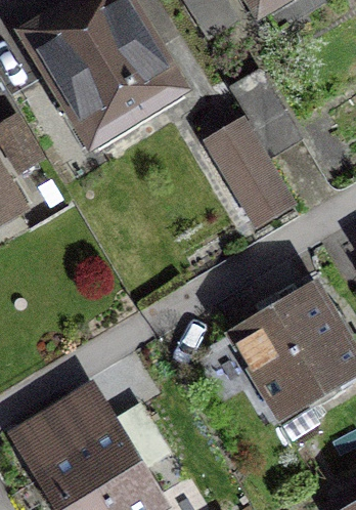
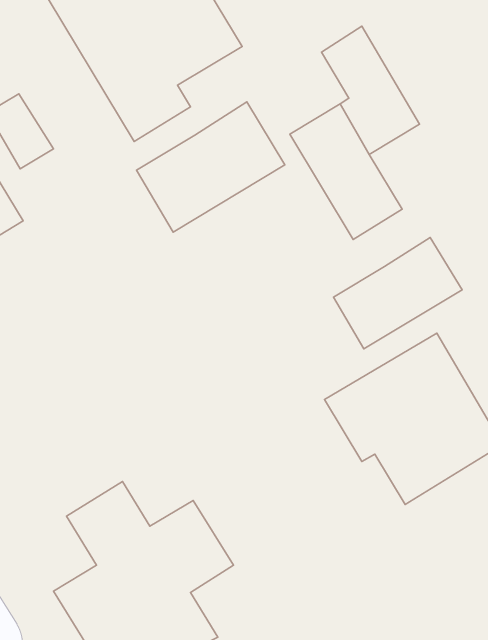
building: none -> [136,102,285,232]
building: none -> [333,237,462,349]

